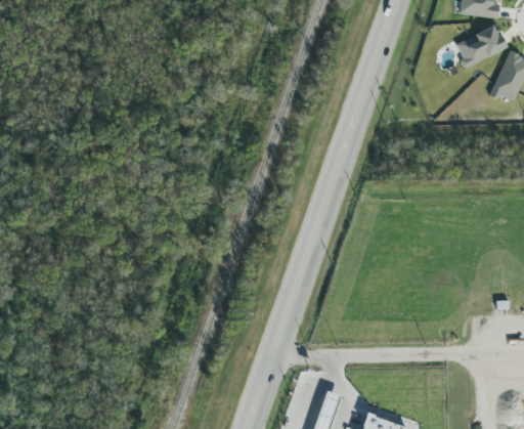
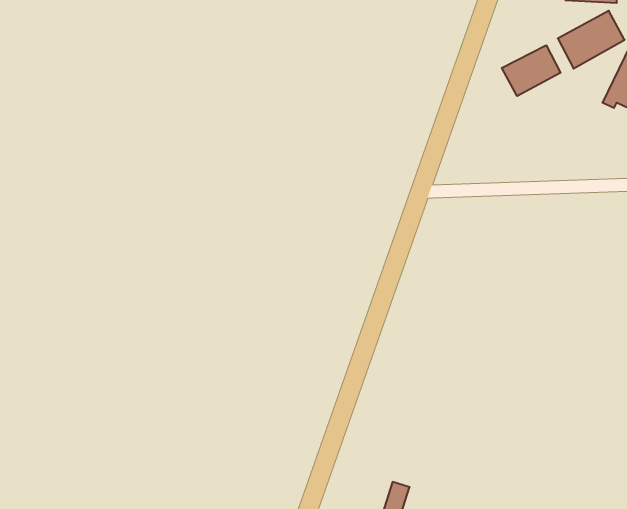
building: none -> [502,45,561,96]

